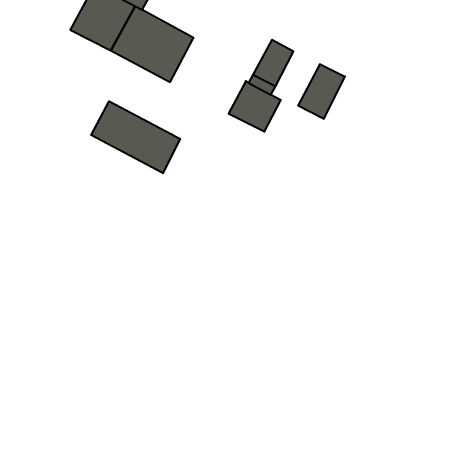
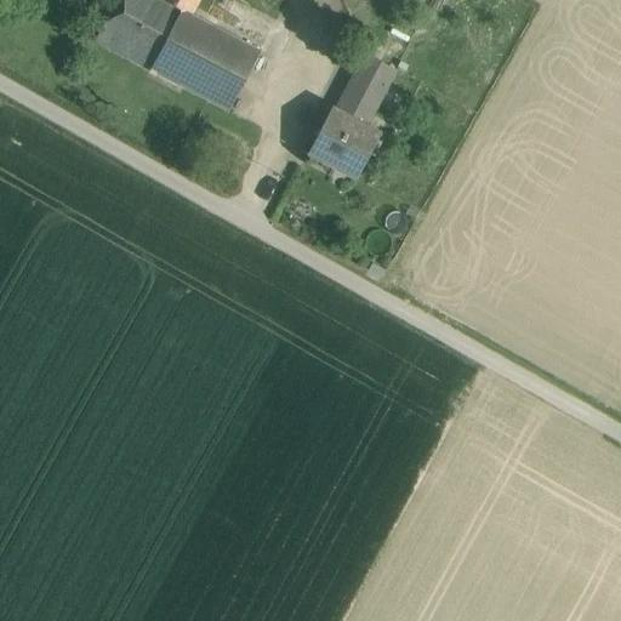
building: [298,64,345,119] -> none
building: [91,101,180,173] -> none

